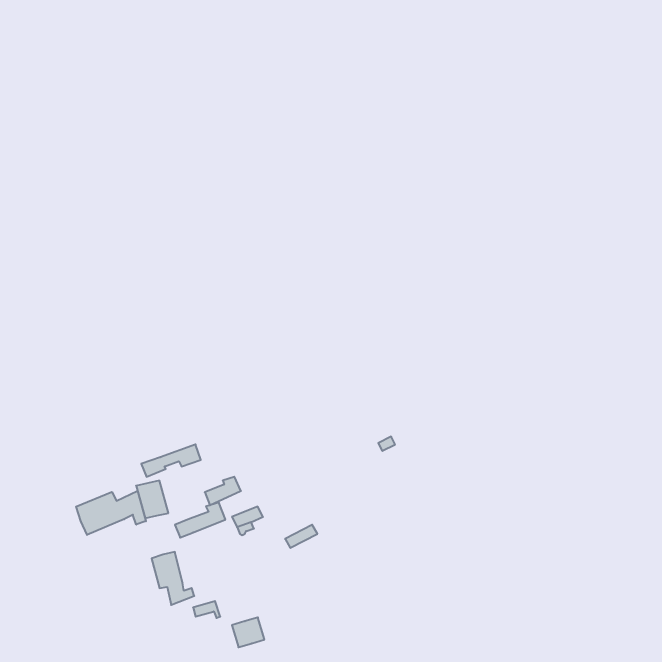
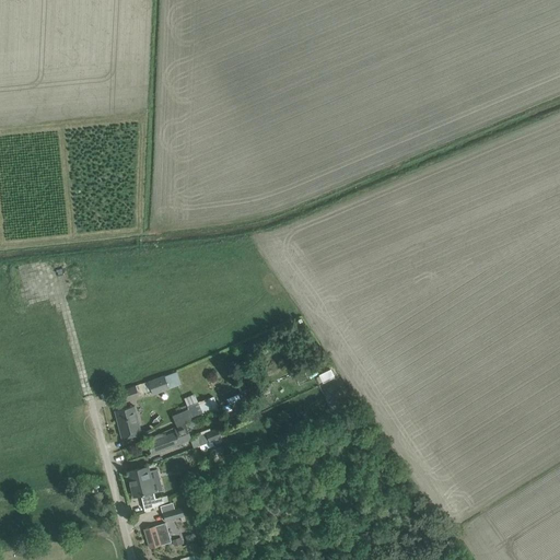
building: [76,491,146,535] -> none
building: [232,617,264,647] -> [144,523,172,548]

